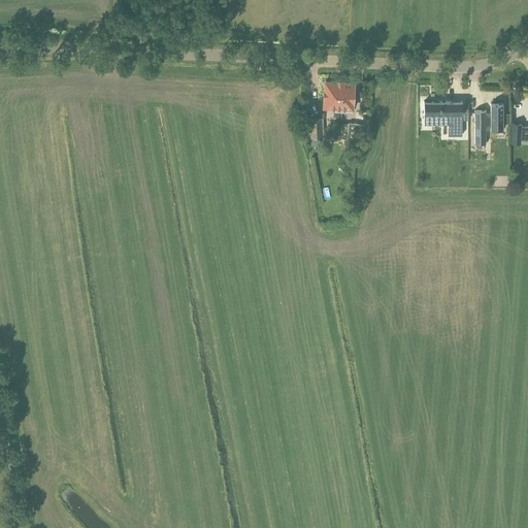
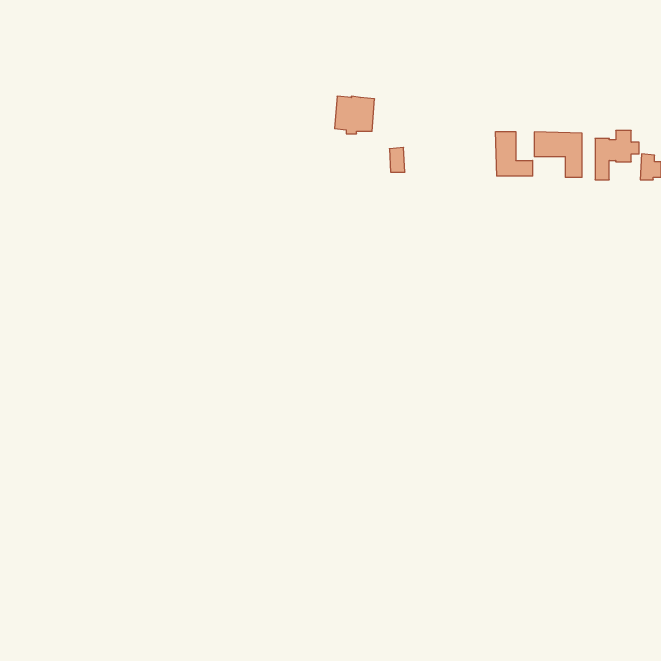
building: [323,80,355,110] -> [335,96,375,134]
building: none -> [496,132,533,176]

